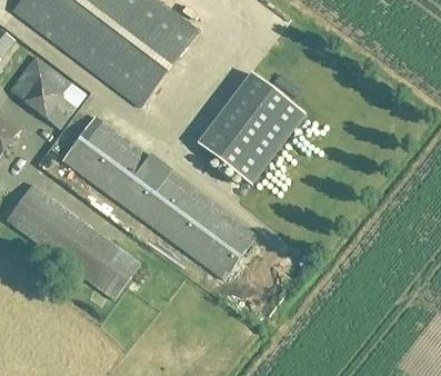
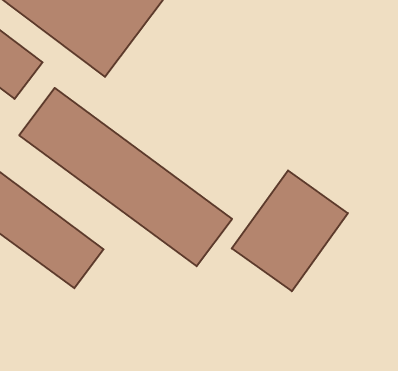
building: [201,70,307,180] -> [232,170,348,291]

